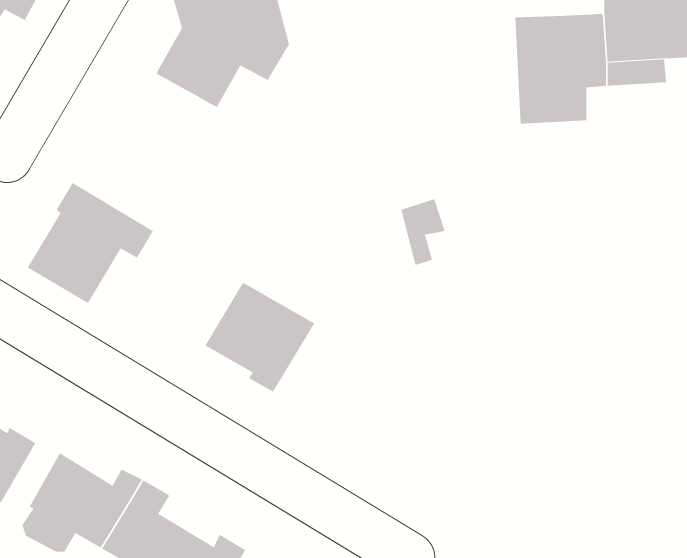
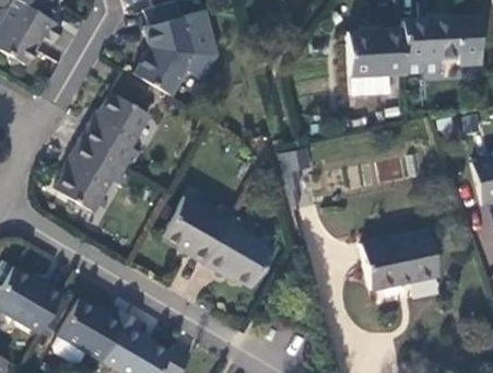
building: none -> [83,93,151,167]
building: none -> [204,222,280,288]
building: none -> [360,225,438,287]

